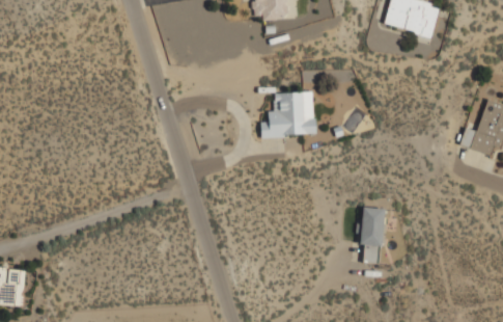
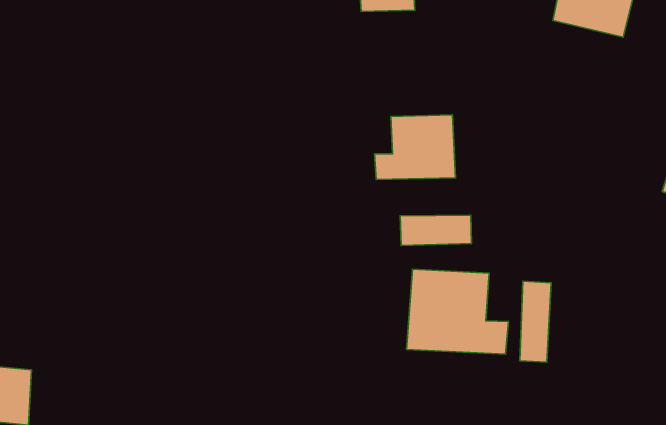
building: none -> [400,215,472,246]
building: none -> [407,269,508,354]

